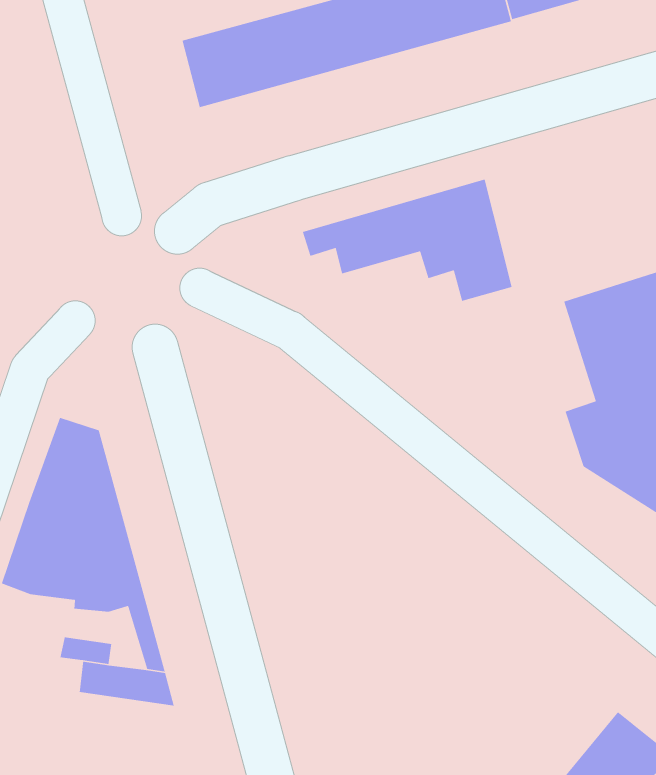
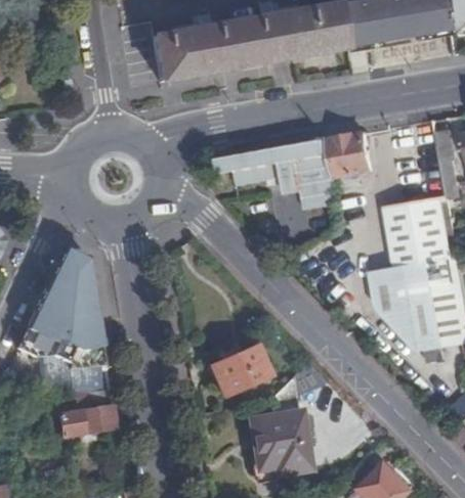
building: none -> [330,129,375,179]
building: none -> [213,346,272,392]
building: none -> [249,367,310,477]

